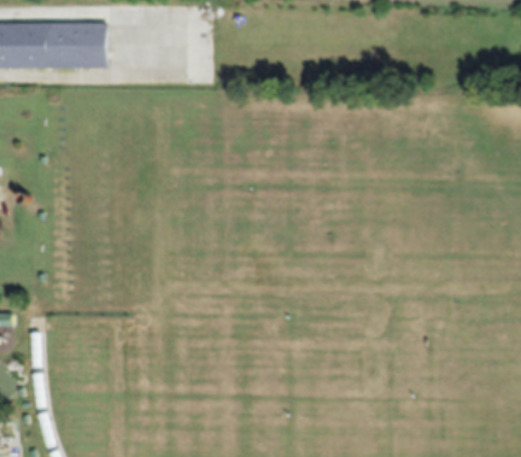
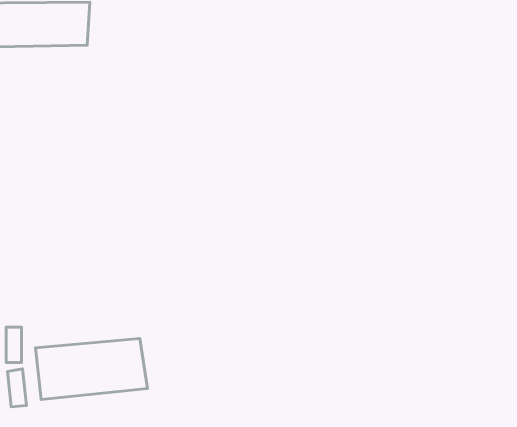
building: none -> [36,339,147,400]

